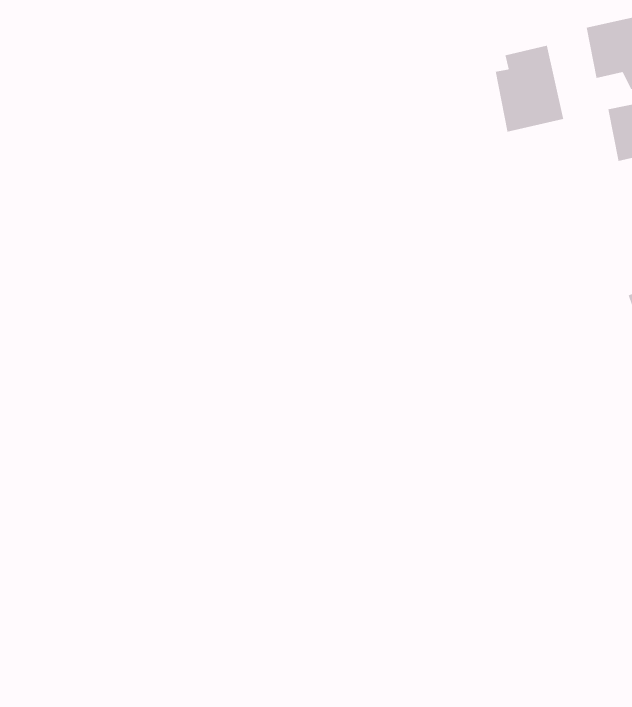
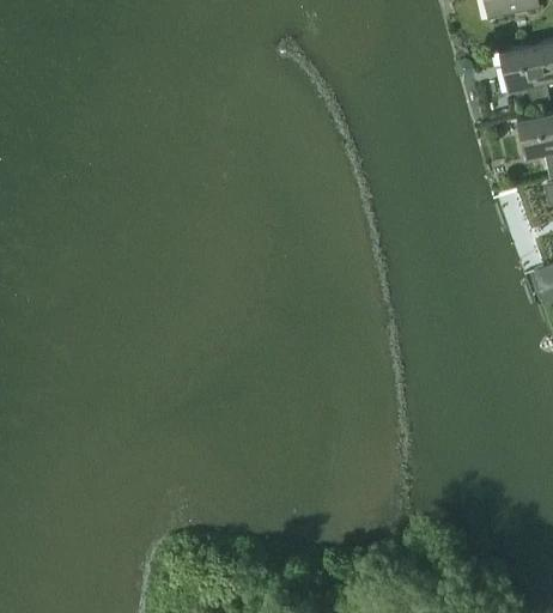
building: [495,45,564,133] -> none

